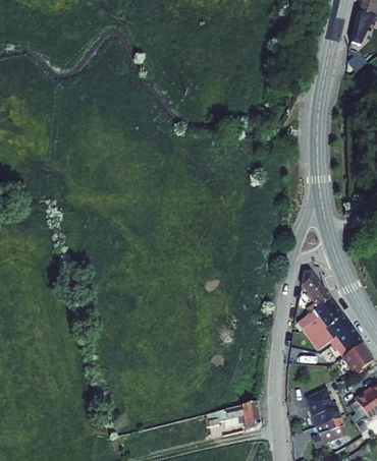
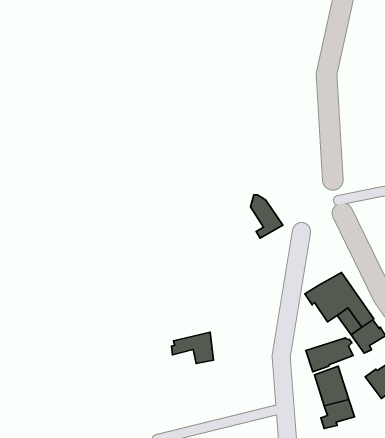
building: [301,273,331,313] -> [251,195,283,238]
building: none -> [306,338,353,372]
building: [214,401,254,430] -> [171,332,214,364]

